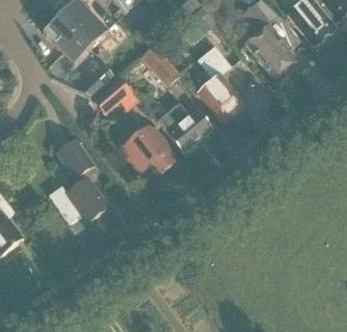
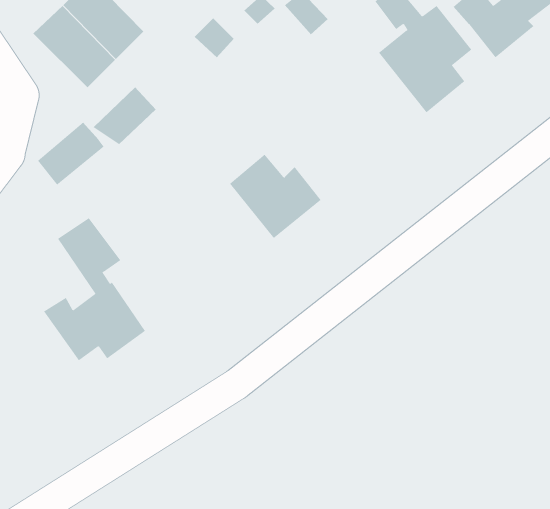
building: [140,45,180,86] -> none
building: [197,46,243,120] -> none
building: [91,77,131,114] -> [37,122,105,185]
building: [119,126,174,173] -> none

